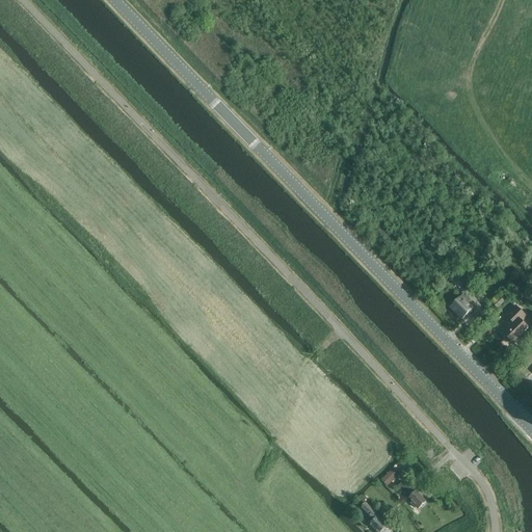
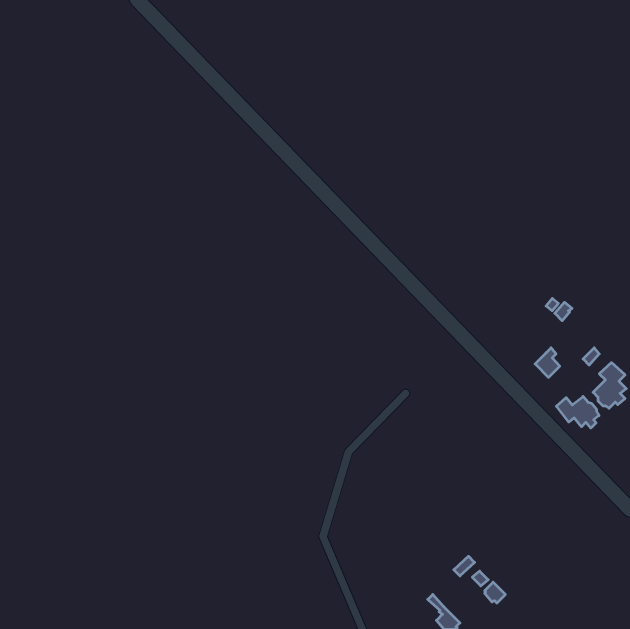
building: none -> [556,396,599,428]

